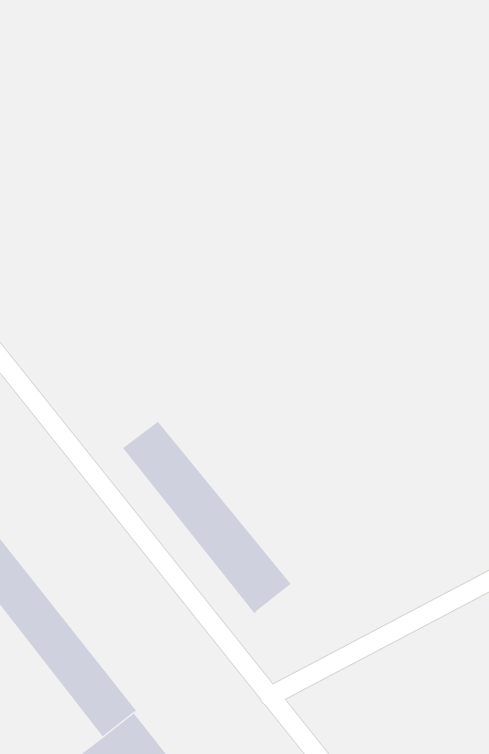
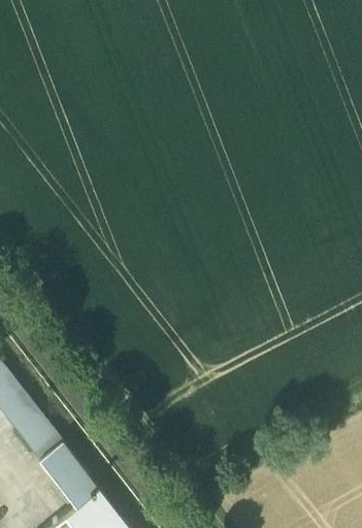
building: [122,421,291,614] -> none

